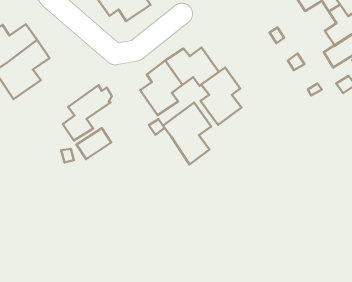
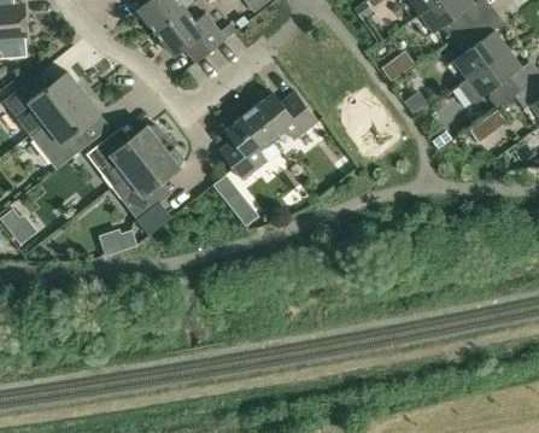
building: [201,68,241,125] -> none
building: none -> [88,125,166,176]
building: [163,103,211,164] -> none

